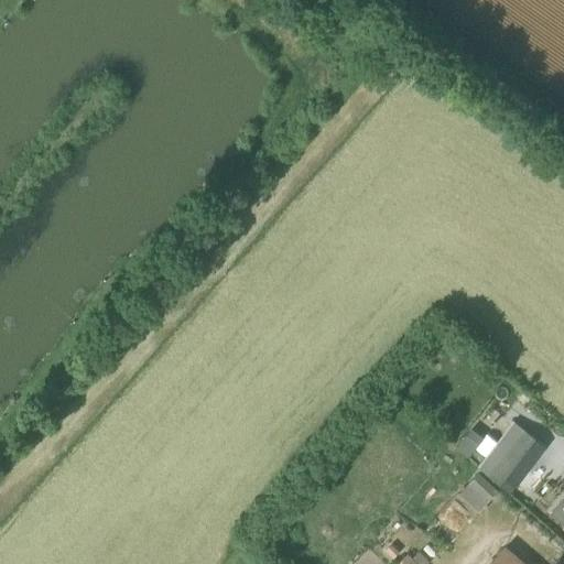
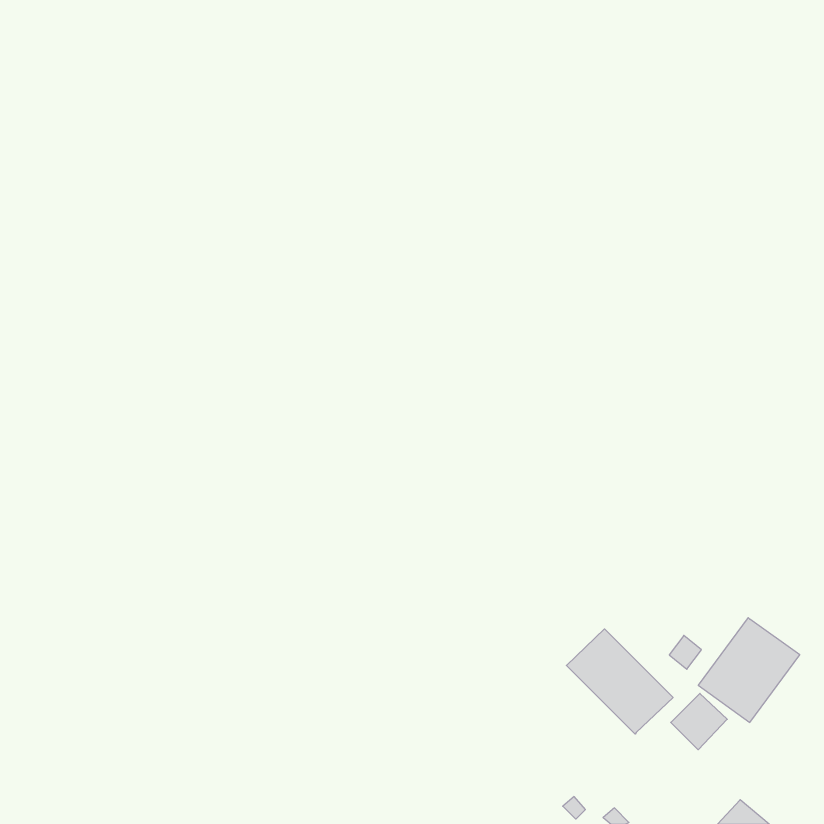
building: none -> [566,629,673,734]

